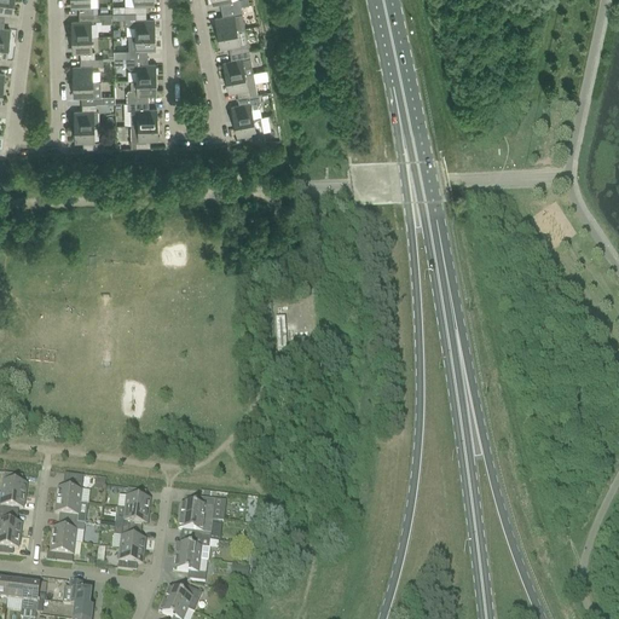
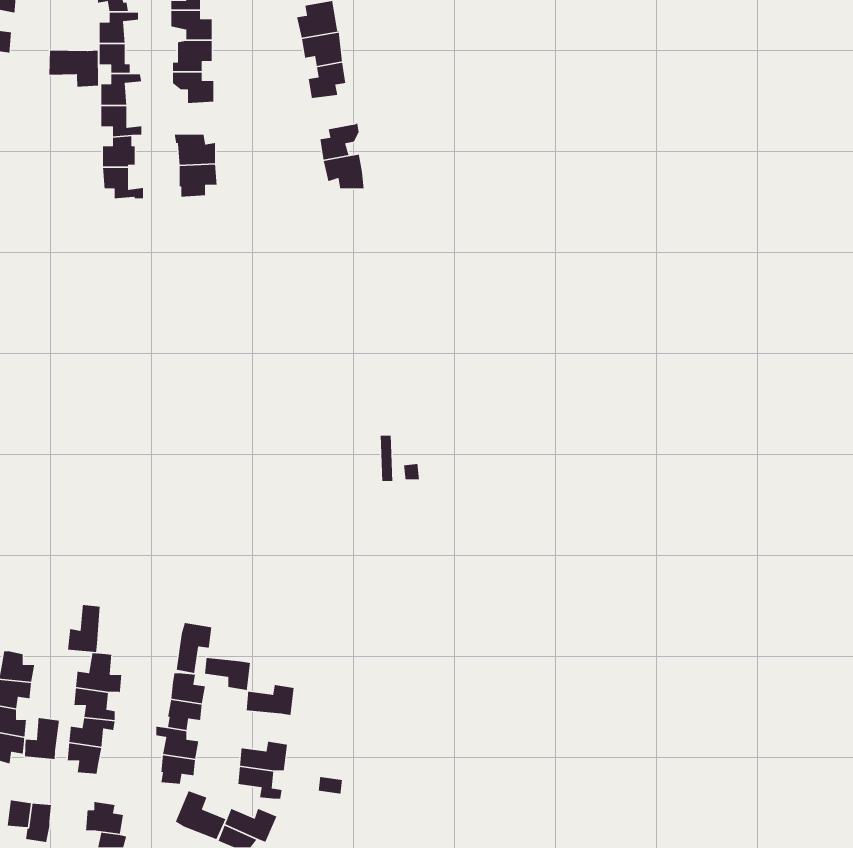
building: none -> [48,50,99,87]
building: [225,66,256,93] -> none
building: [126,74,155,97] -> none
building: none -> [67,604,100,653]
building: none -> [176,622,212,674]
building: [177,514,210,538] -> [204,657,251,691]
building: none -> [24,717,60,760]
building: none -> [175,790,226,840]

